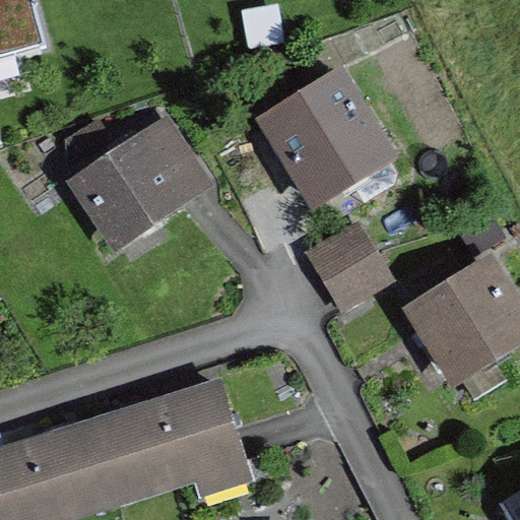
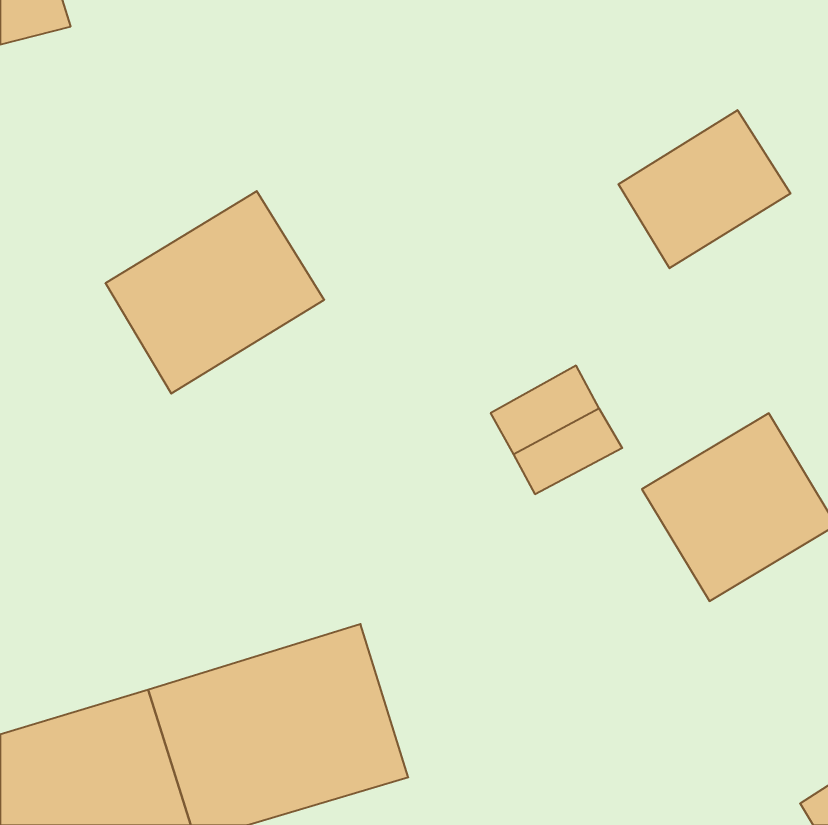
building: [252,66,391,207] -> none
building: none -> [618,110,790,268]

